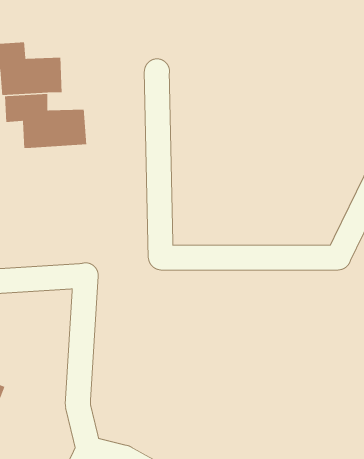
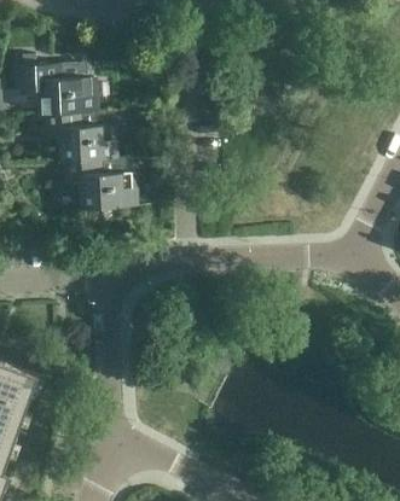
building: none -> [59,158,137,208]

